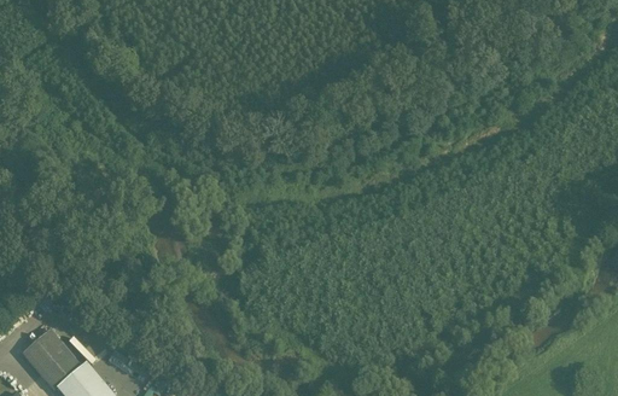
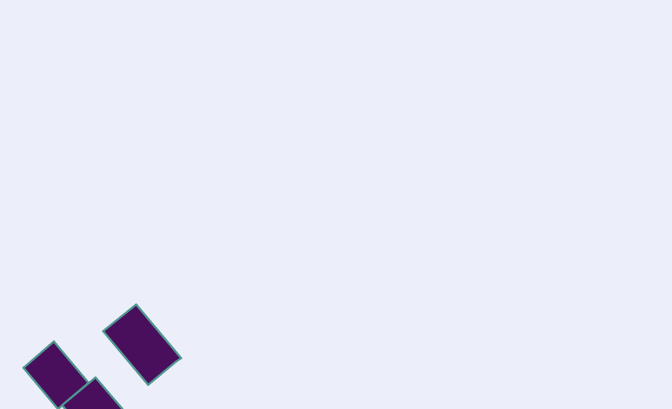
building: none -> [103,305,181,385]

